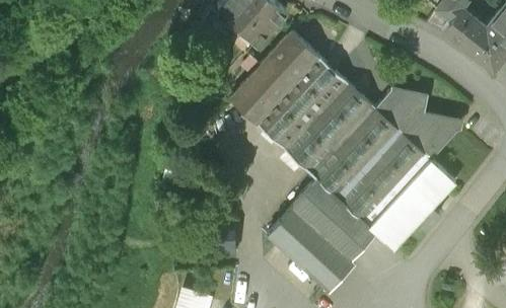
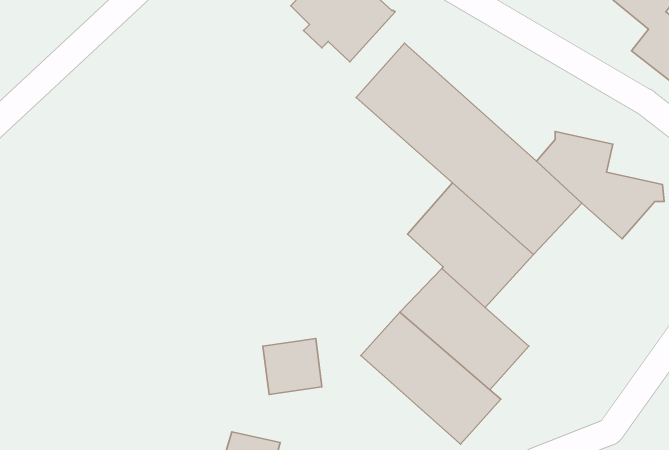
building: [230,66,322,155] -> none
building: [344,135,458,249] -> none

